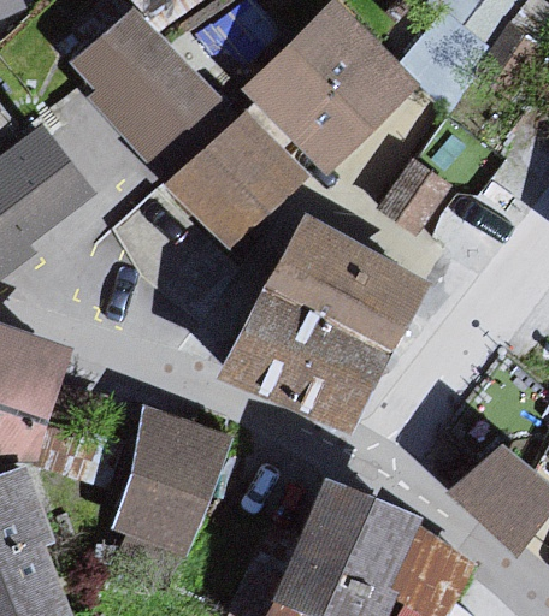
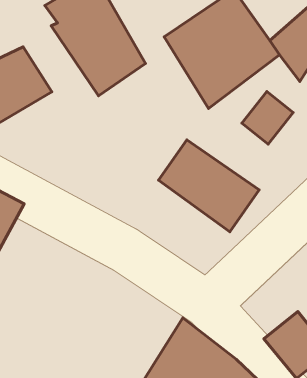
building: [166,112,294,238] -> none
building: [230,290,384,427] -> none
building: [107,409,230,564] -> none

